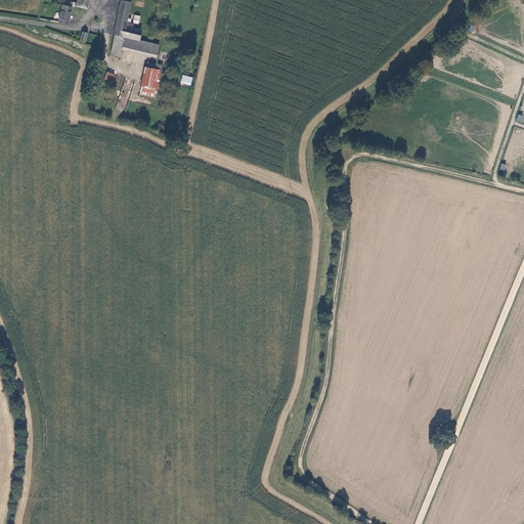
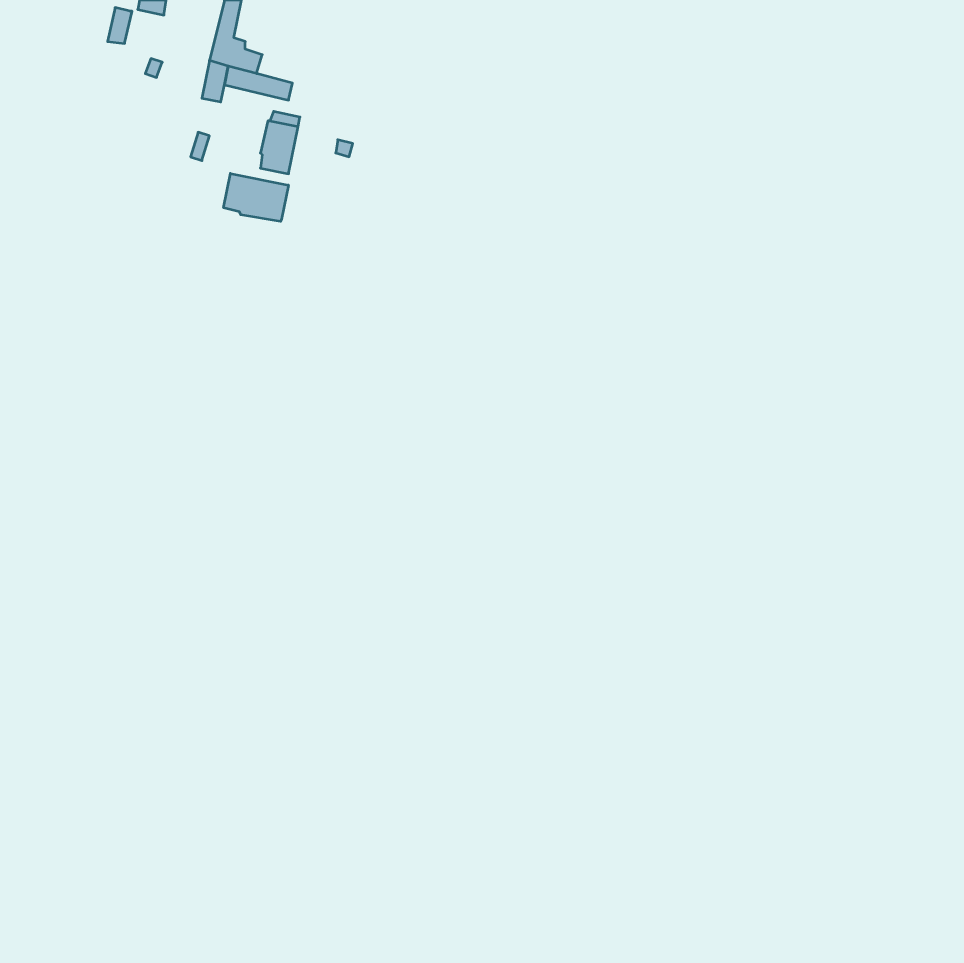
building: none -> [224,173,288,221]

